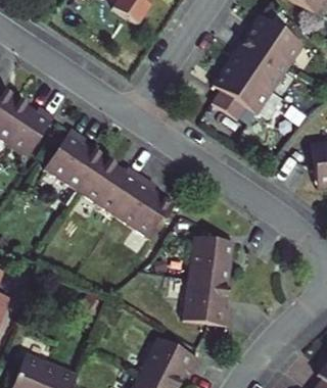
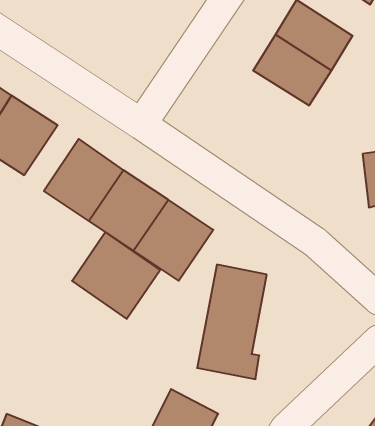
building: [204,76,269,133] -> none
building: none -> [72,232,160,319]

